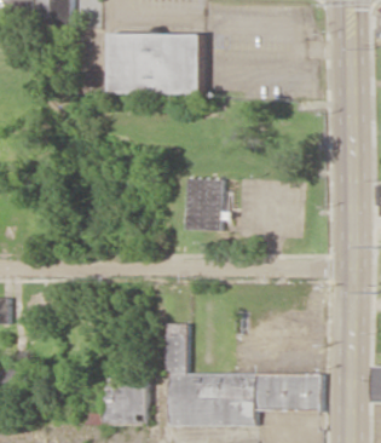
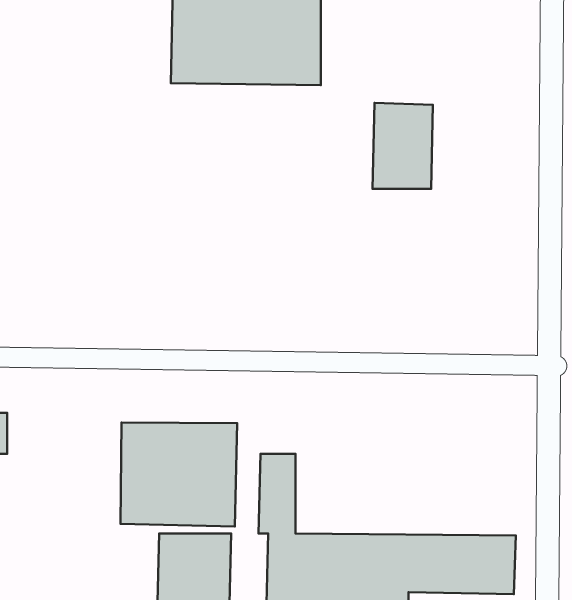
building: [185,178,223,231] -> [373,103,433,189]
building: none -> [121,423,237,527]

